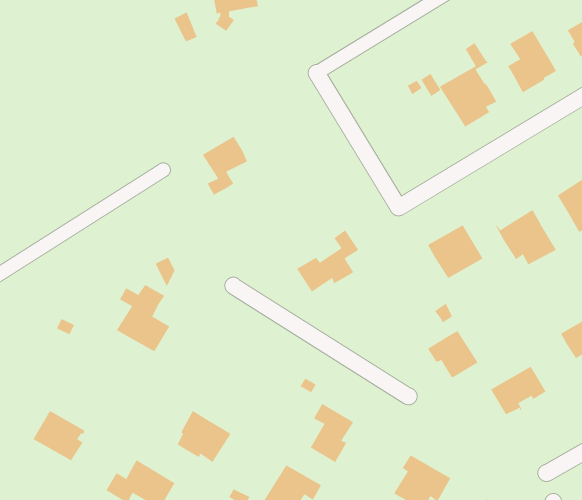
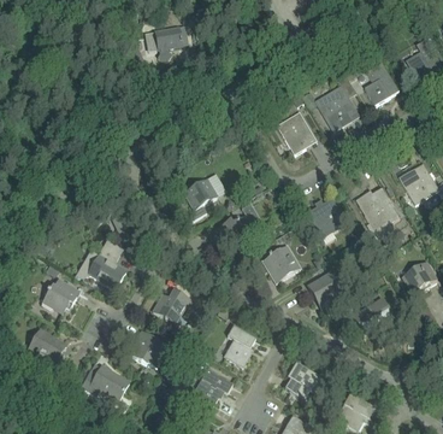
building: none -> [277,111,313,153]
building: [202,136,248,196] -> [183,178,215,221]
building: none -> [261,245,300,282]
building: none -> [42,278,79,311]
building: none -> [152,289,189,323]

